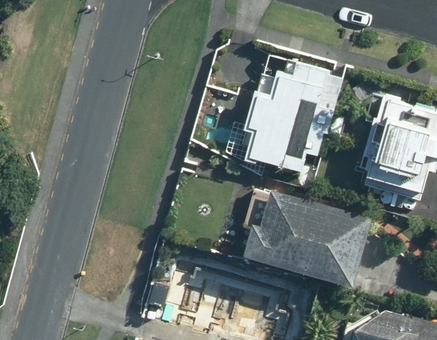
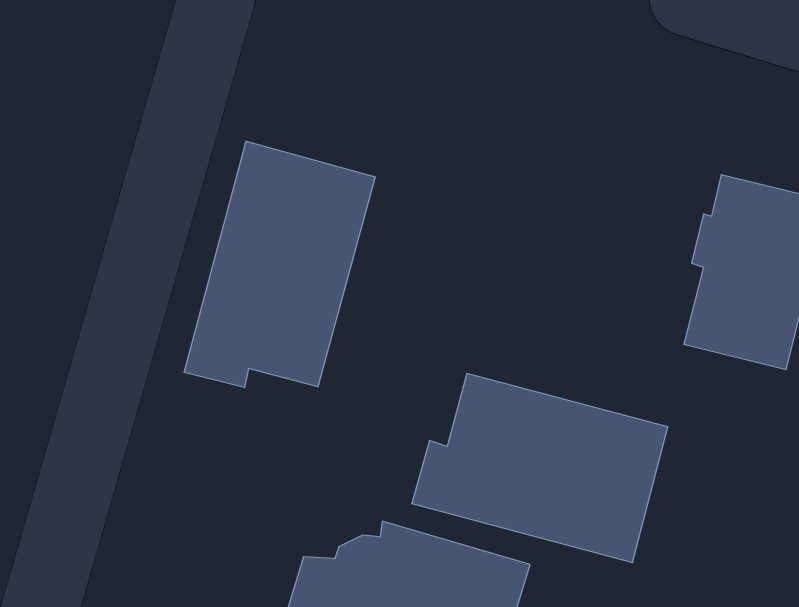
building: [249,57,335,167] -> none
building: none -> [184,141,375,388]

